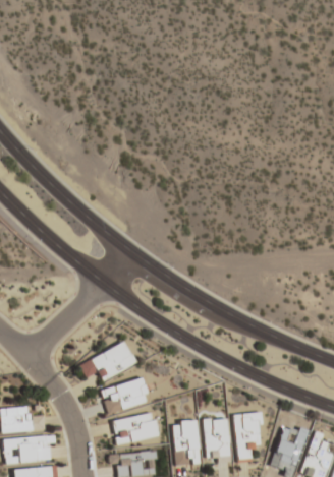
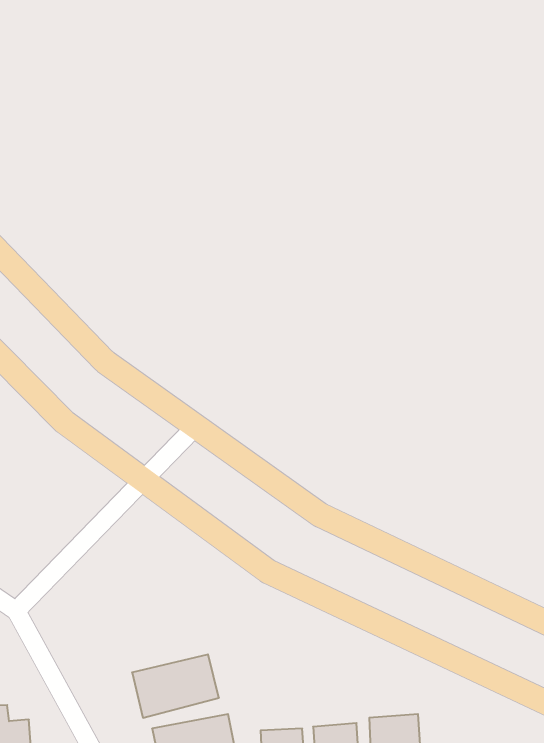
building: [78,341,135,380] -> none

